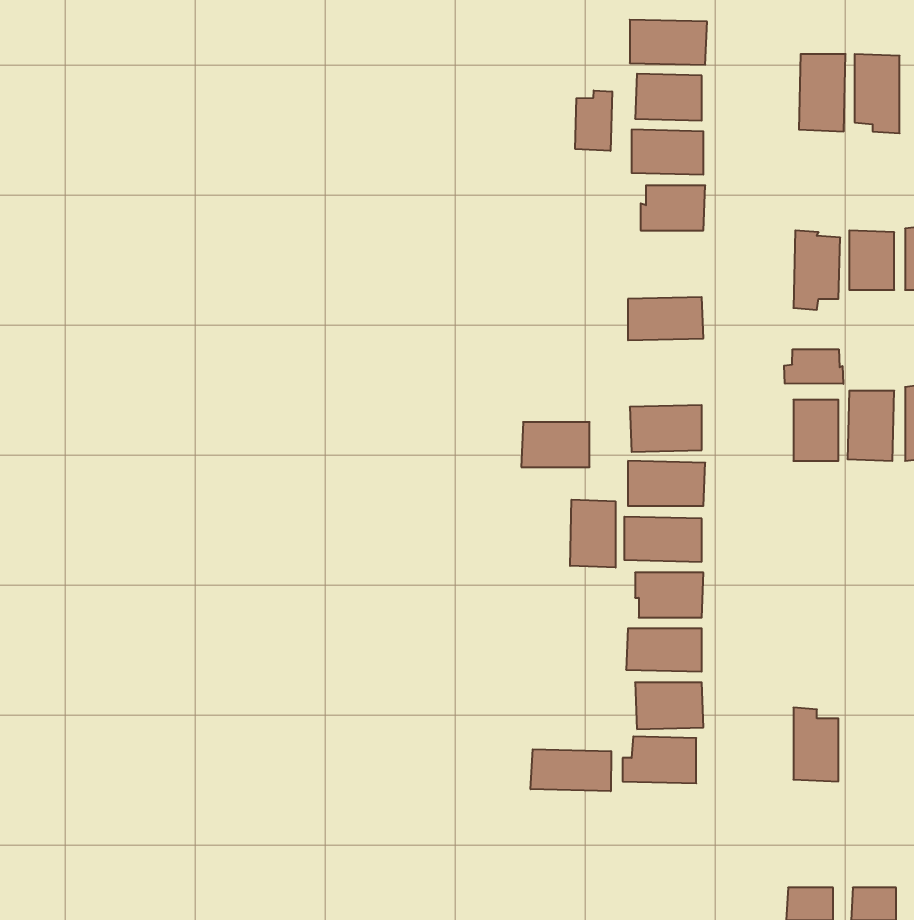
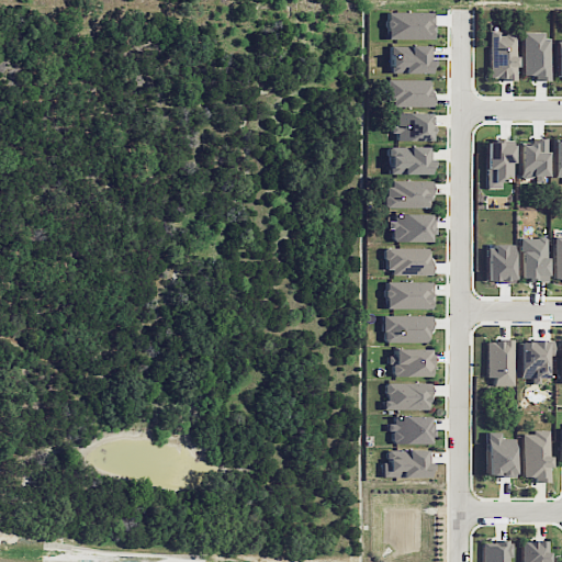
building: [575,90,612,151] -> none
building: none -> [390,146,431,175]
building: [784,349,843,384] -> none
building: [521,422,590,467] -> [392,214,434,241]
building: [570,500,616,568] -> none
building: none -> [487,340,515,385]
building: none -> [520,340,554,378]
building: none -> [522,431,551,482]
building: [531,749,611,791] -> none

